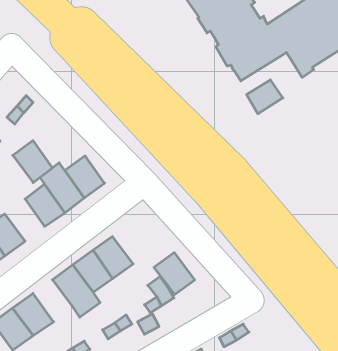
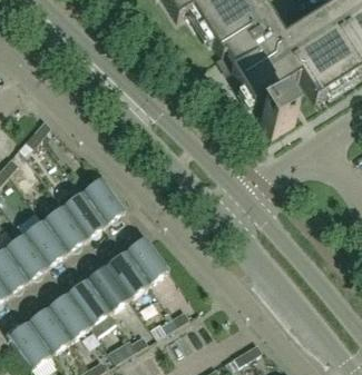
building: [13,141,52,183] -> [23,220,62,261]
building: [154,253,195,295] -> [129,243,169,284]
building: none -> [51,299,90,341]

